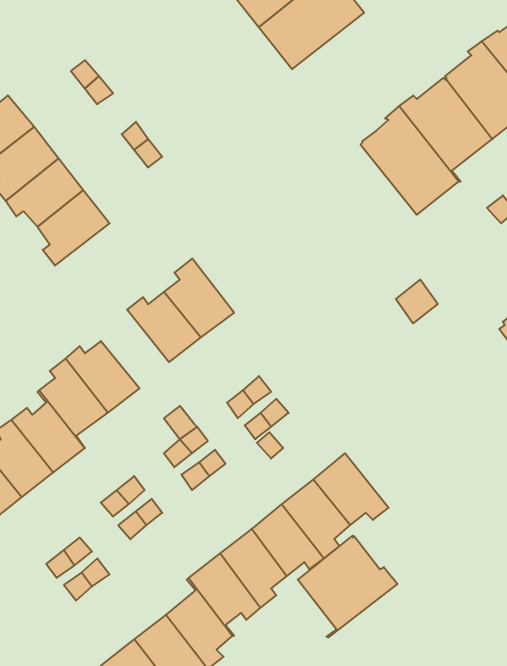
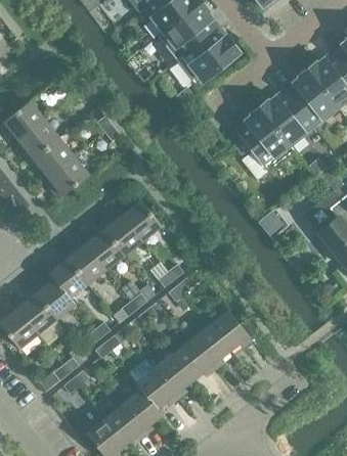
building: none -> [85,225,125,271]
building: [298,536,397,637] -> none

